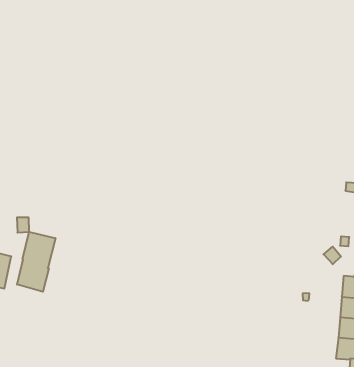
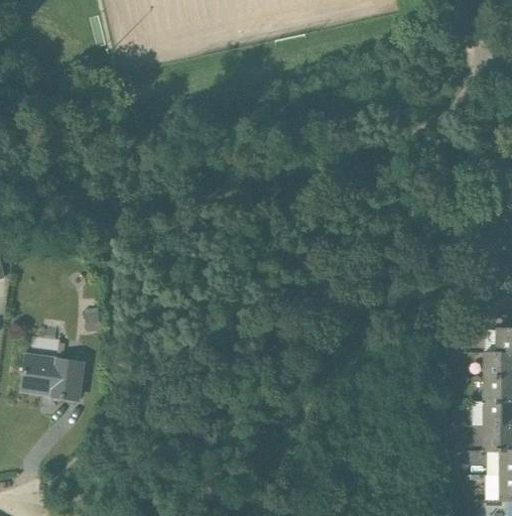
building: [17,232,55,292] -> none

